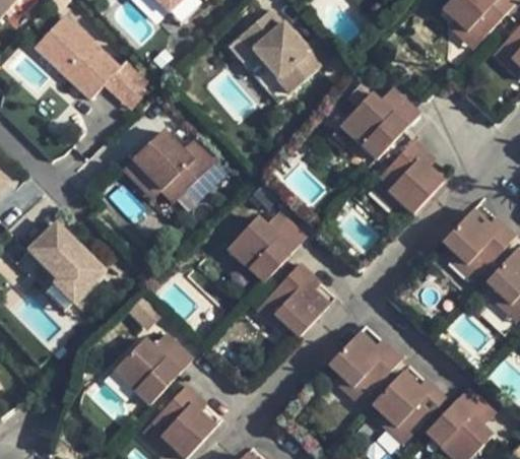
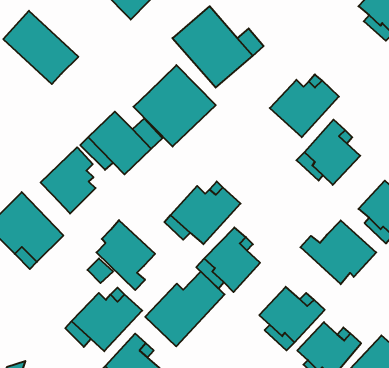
building: [102,61,151,110] -> none
building: none -> [133,65,216,147]
building: none -> [41,147,96,214]
building: none -> [96,220,155,290]
building: none -> [300,220,376,284]
building: none -> [145,272,225,346]

